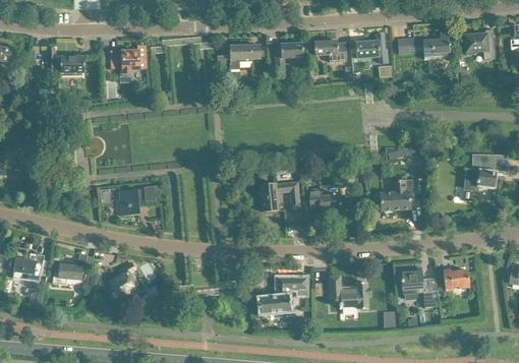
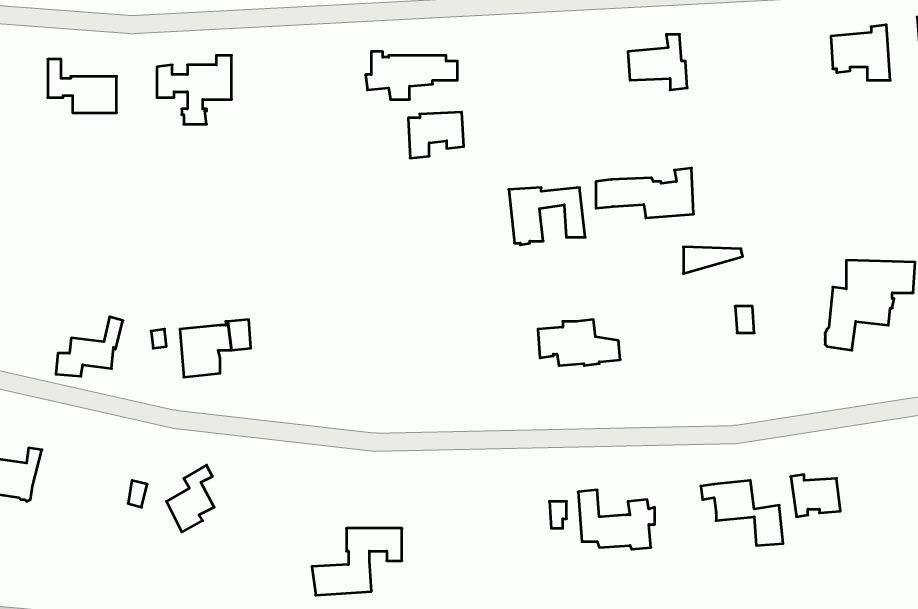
building: [398,32,450,58] -> [596,168,694,218]
building: [314,40,346,61] -> none
building: [274,42,303,66] -> [408,112,464,158]
building: [380,179,410,211] -> none
building: [259,182,300,213] -> [509,188,585,245]
building: [52,252,88,284] -> [56,317,123,376]
building: [258,277,306,312] -> [312,528,402,595]

